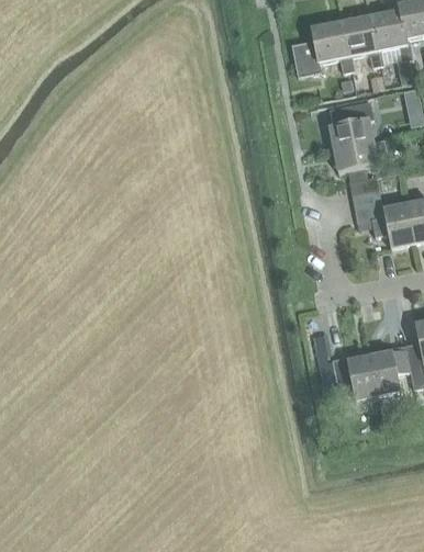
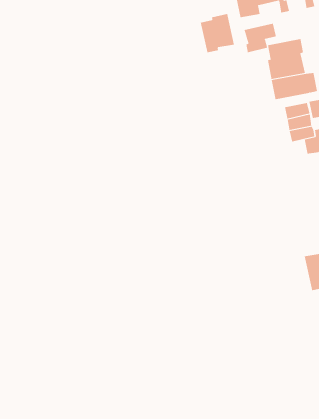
building: none -> [200,13,235,53]
building: none -> [244,23,276,53]
building: [333,353,380,398] -> none

